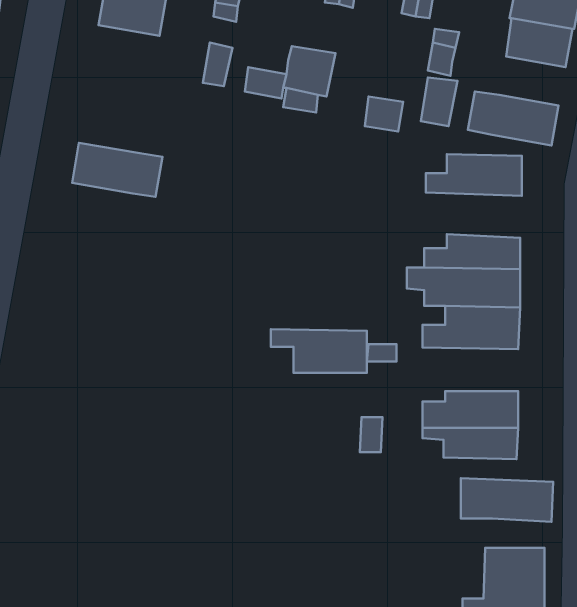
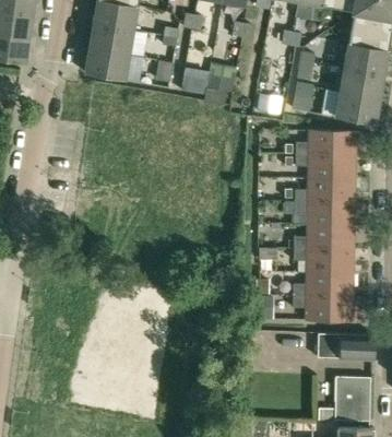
building: none -> [342,68,383,98]
building: [72,143,163,197] -> [86,48,143,82]
building: none -> [296,153,356,181]
building: [271,329,367,373] -> [294,250,354,277]

